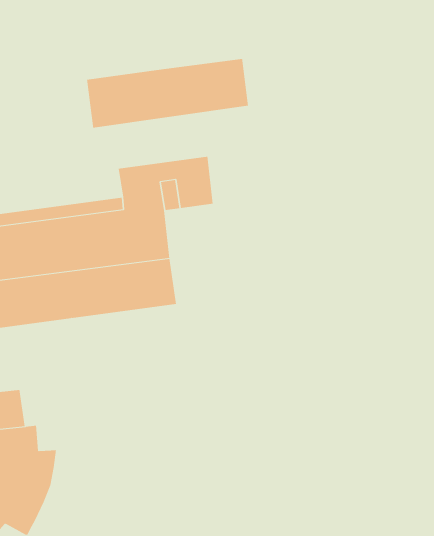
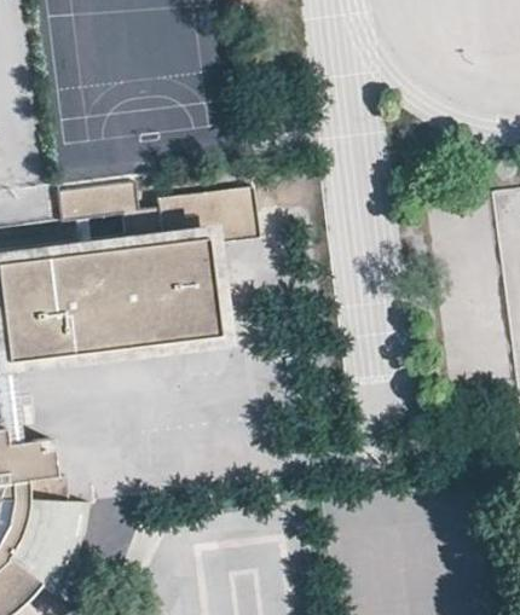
building: [86,58,249,128] -> none

